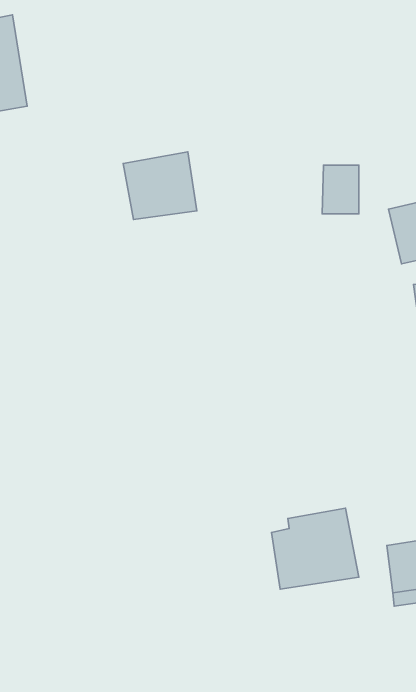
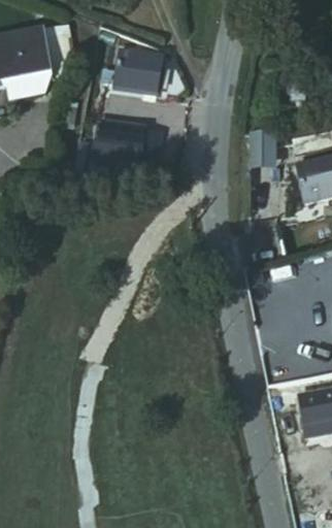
building: none -> [114,47,163,92]
building: [272,508,359,589] -> none

